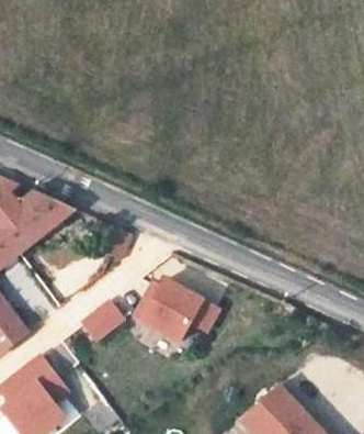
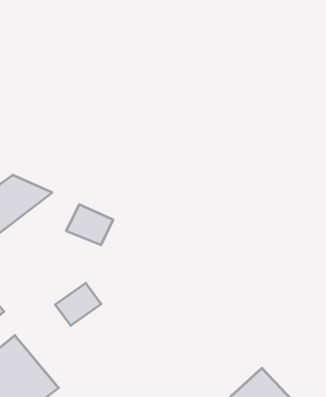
building: [129,276,220,343] -> none

